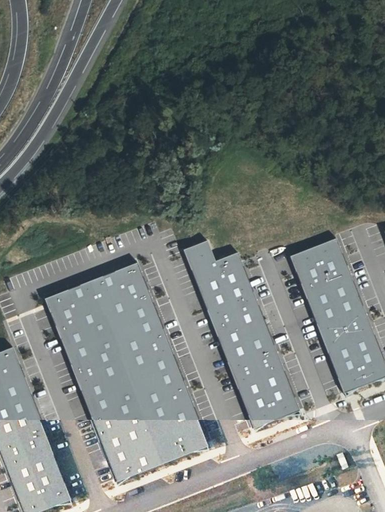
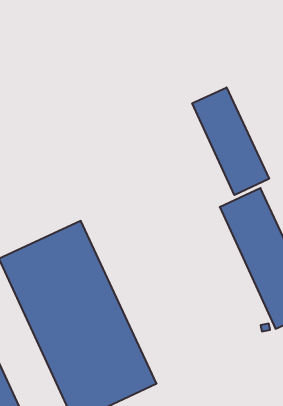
building: none -> [192,87,269,195]
building: [184,240,301,429] -> none

